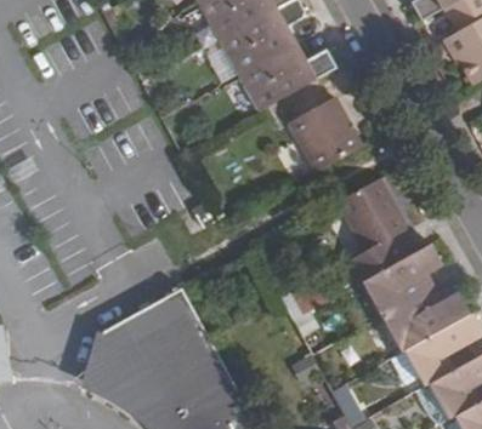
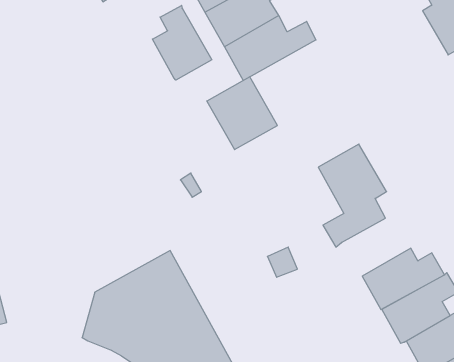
building: none -> [152,5,212,80]
building: [289,96,363,172] -> [207,77,277,150]
building: [362,244,442,316] -> none

